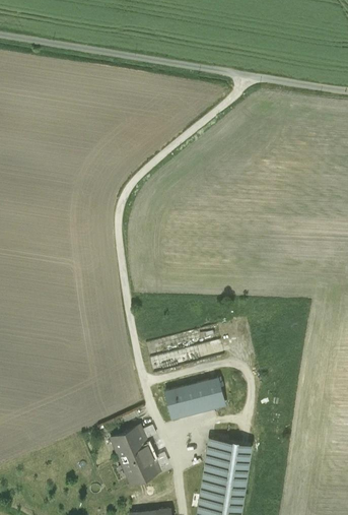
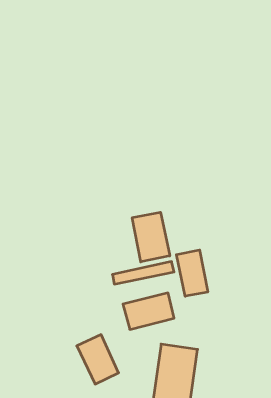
building: none -> [132,212,170,262]
building: none -> [176,250,208,296]

